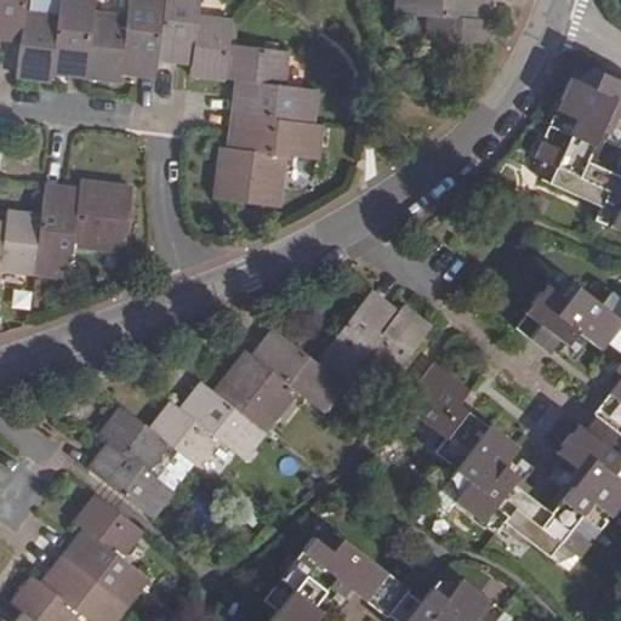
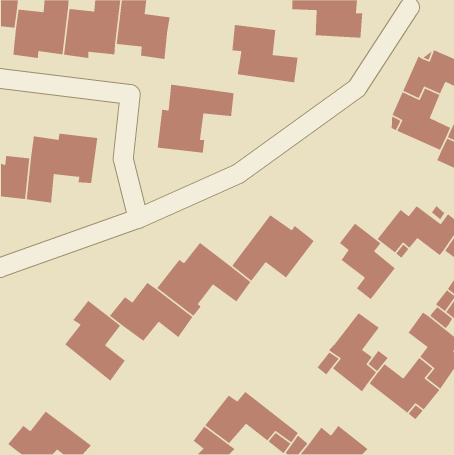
building: [227,45,318,125] -> [232,24,298,83]
building: [412,363,490,468] -> [339,223,396,300]
building: [64,495,148,605] -> none

